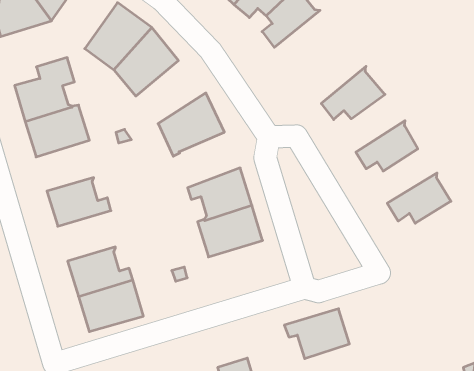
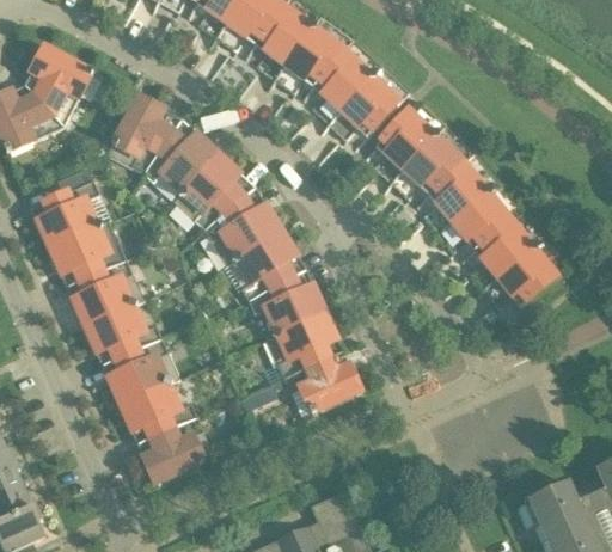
building: none -> [328,70,399,136]
building: none -> [373,108,437,179]
building: none -> [173,151,255,227]
building: none -> [423,159,491,231]
building: none -> [232,227,306,298]
building: none -> [66,257,143,323]
building: none -> [469,217,537,286]
building: none -> [102,336,179,401]
building: [284,309,349,359] -> [282,348,361,411]

